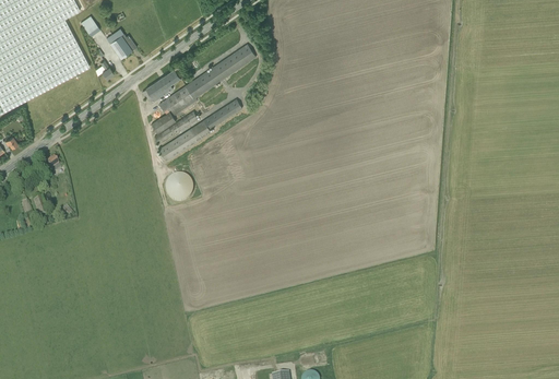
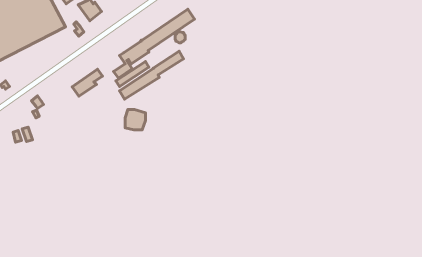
building: [142,68,181,103] -> [72,69,102,96]

